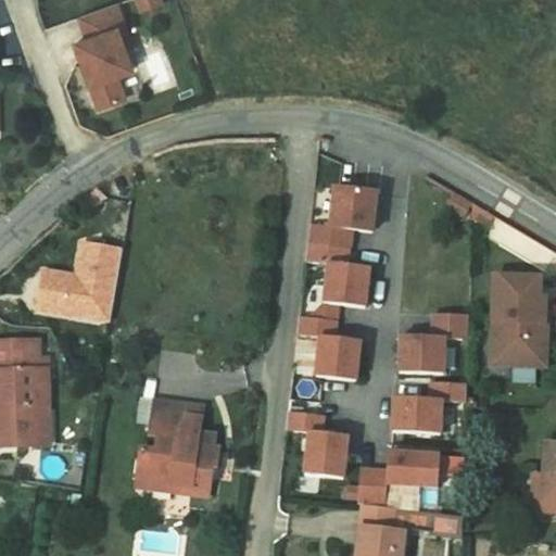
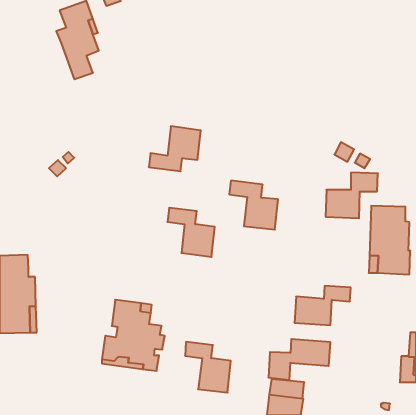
building: [307,185,377,244] -> [149,126,201,171]
building: [38,242,121,318] -> none
building: [400,312,469,372] -> [326,173,378,218]
building: [298,314,361,379] -> [167,208,215,257]
building: [287,409,348,477] -> [185,342,231,393]

